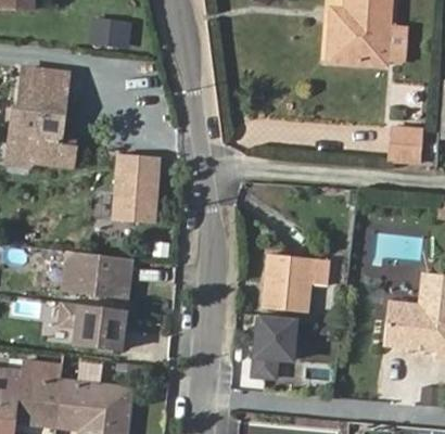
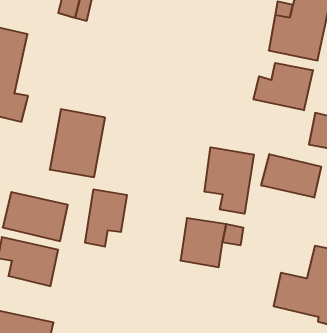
building: none -> [254,63,313,110]
building: none -> [205,147,254,214]
building: none -> [261,154,321,198]
building: [251,311,292,373] -> [85,190,127,247]

